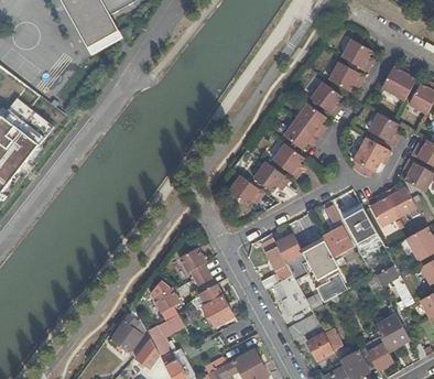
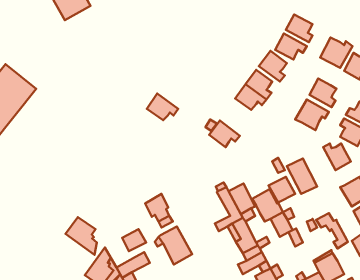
building: [273,144,304,178] -> none
building: [228,175,264,206] -> [147,93,178,120]
building: [370,193,399,228] -> none
building: none -> [65,217,97,255]

